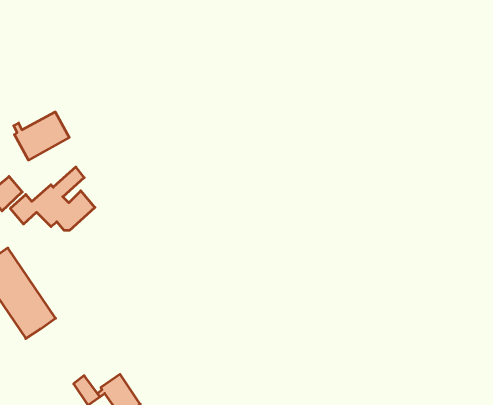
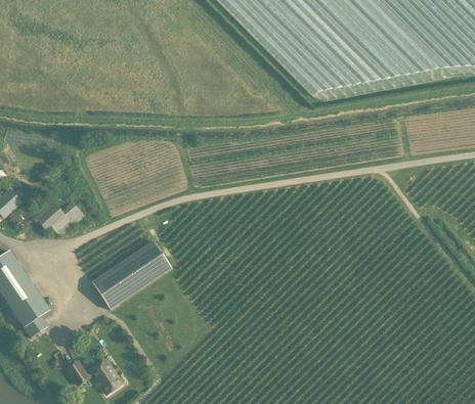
building: [14,112,69,160] -> none
building: none -> [91,240,171,309]

